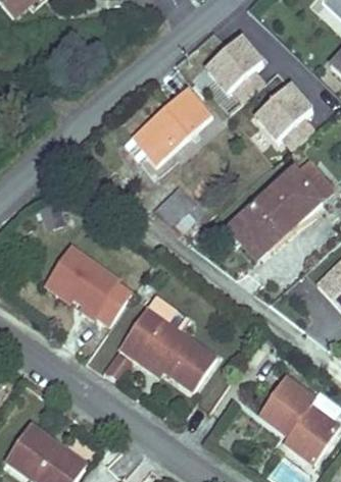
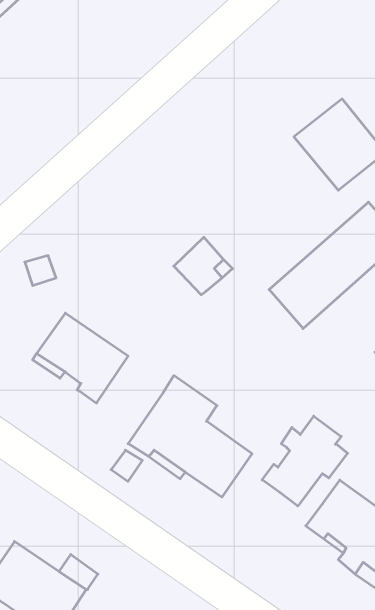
building: [200,31,265,105] -> none
building: [125,89,211,163] -> none
building: none -> [262,416,348,506]

